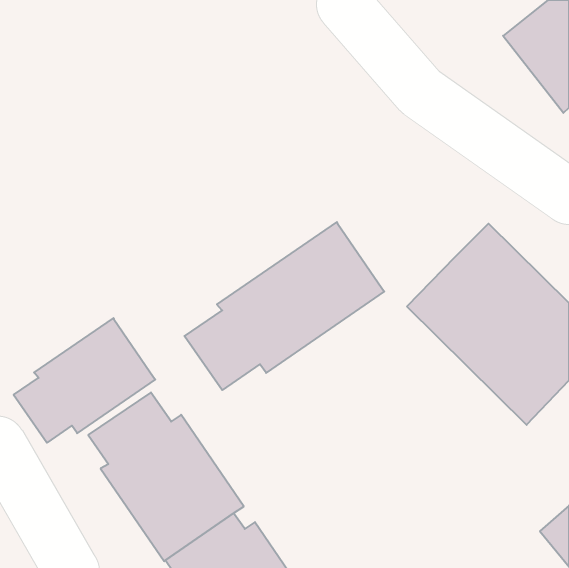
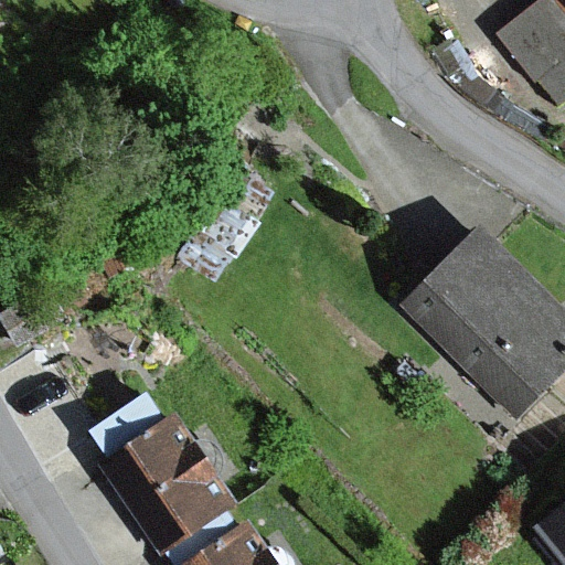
building: [184,222,384,390] -> none
building: [14,318,155,443] -> none

